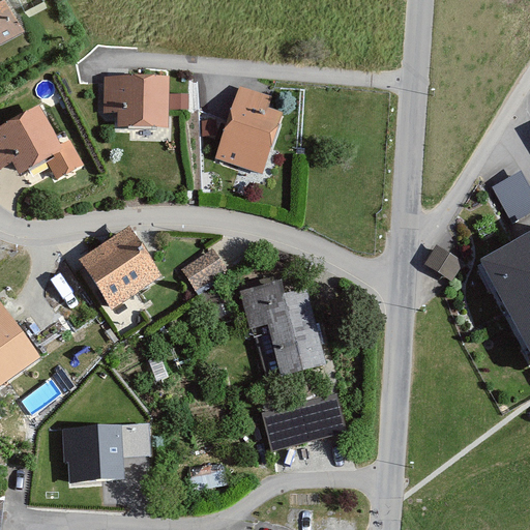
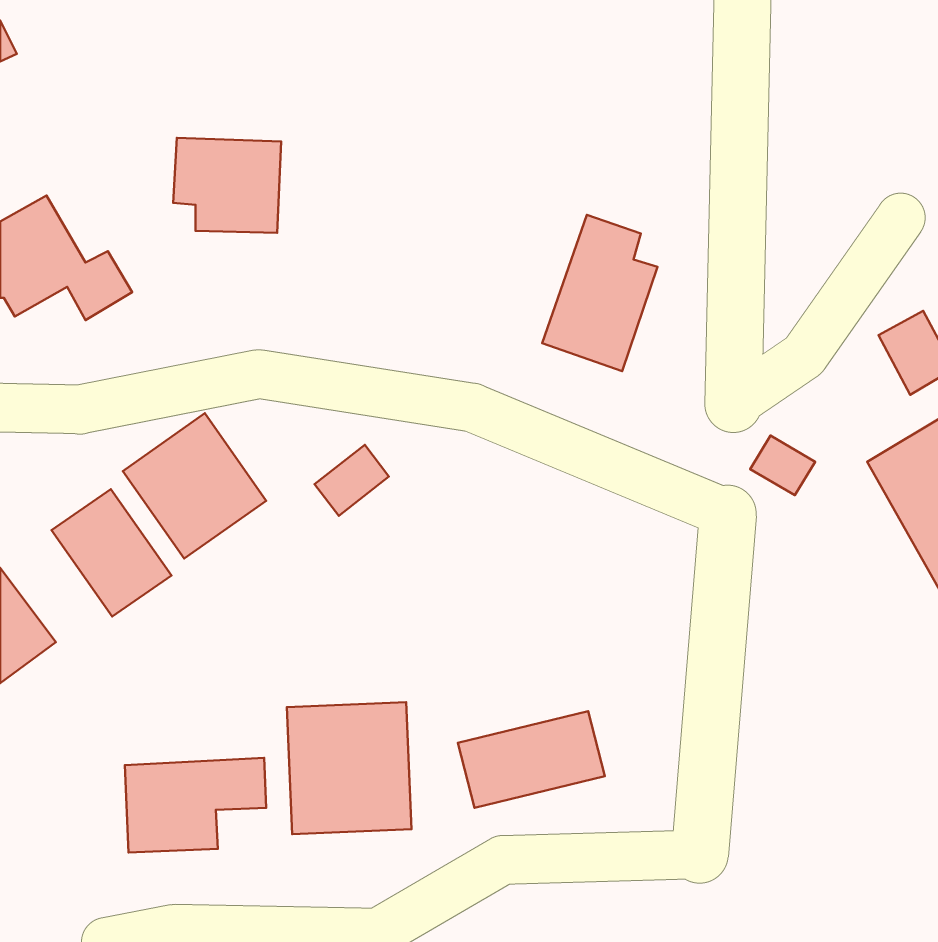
building: [214,86,278,173] -> [542,215,658,371]
building: none -> [51,489,172,616]
building: [233,282,323,380] -> none
building: none -> [287,702,411,834]

